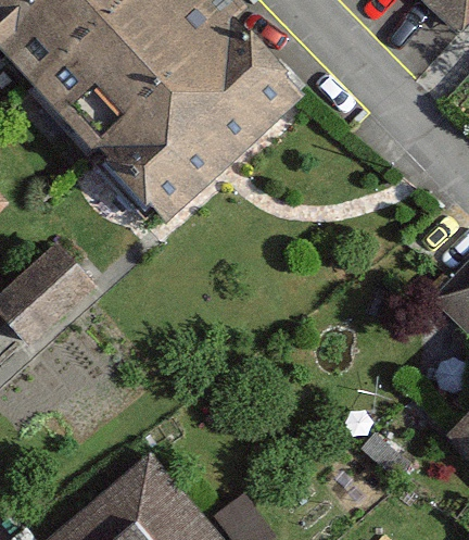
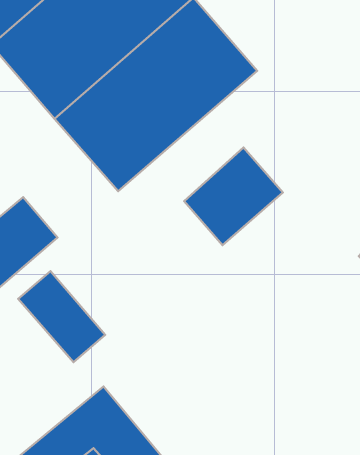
building: none -> [184,148,283,245]
building: none -> [18,271,105,362]

